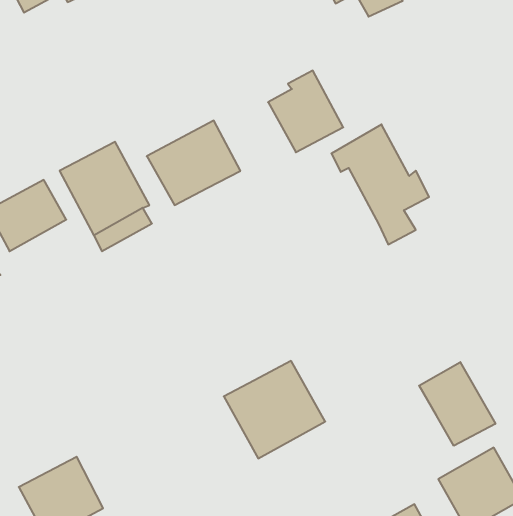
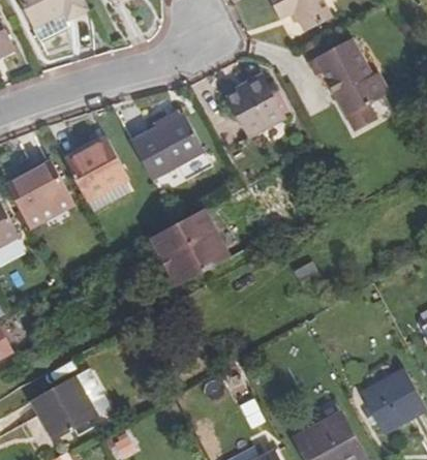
building: [331,124,429,244] -> [306,38,383,132]
building: [224,361,325,458] -> [152,208,232,284]
building: [419,362,495,446] -> none

